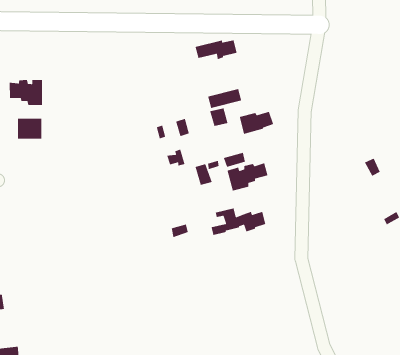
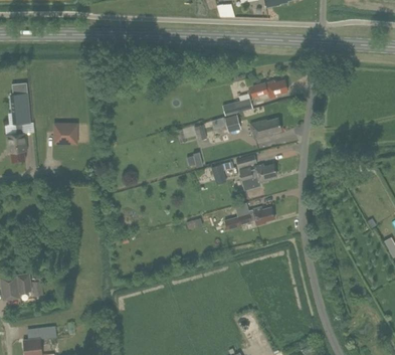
building: [194,40,238,60] -> [249,79,287,98]
building: [9,79,43,106] -> none

